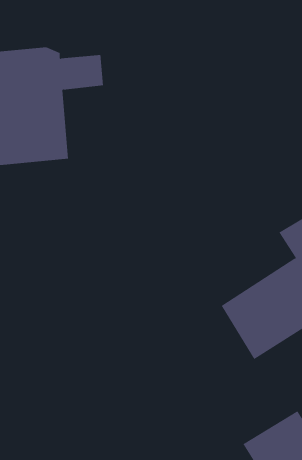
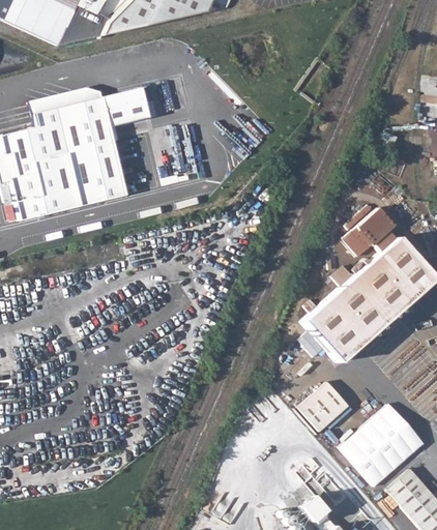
building: none -> [293,381,349,435]

